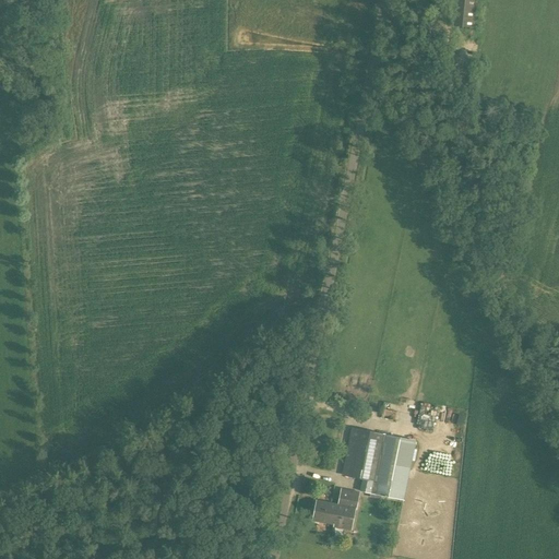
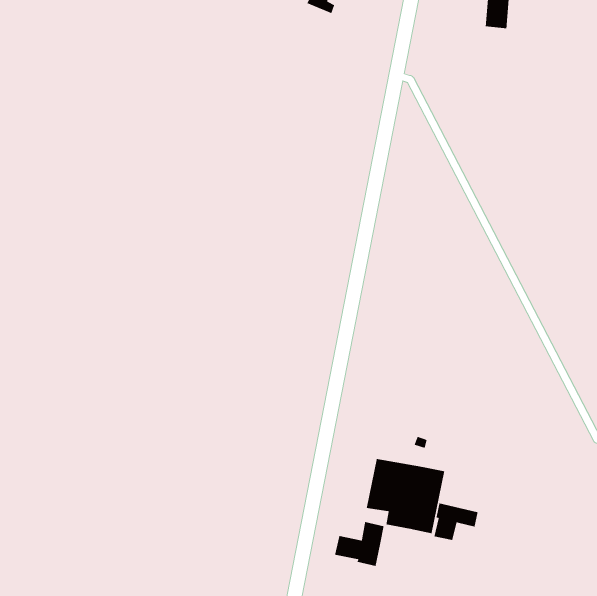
building: none -> [433,503,478,541]

